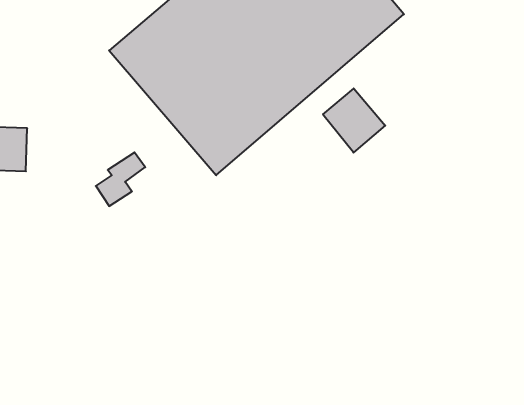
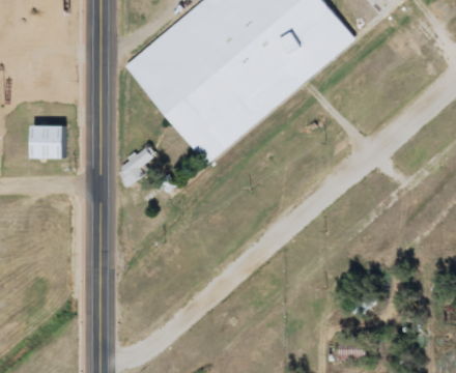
building: [323,88,385,153] -> none

